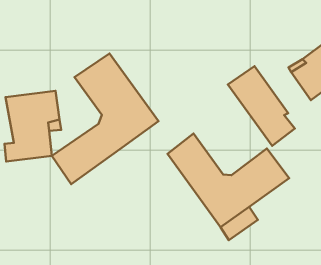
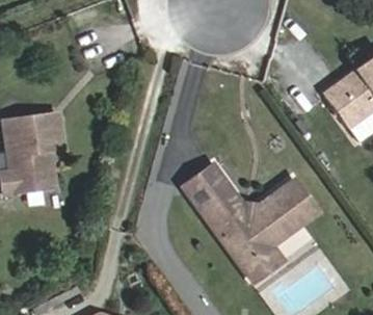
building: [52,53,158,184] -> none
building: [228,66,295,146] -> none

